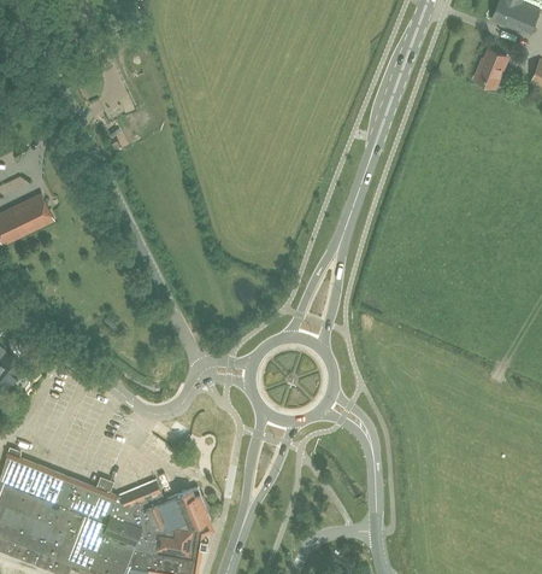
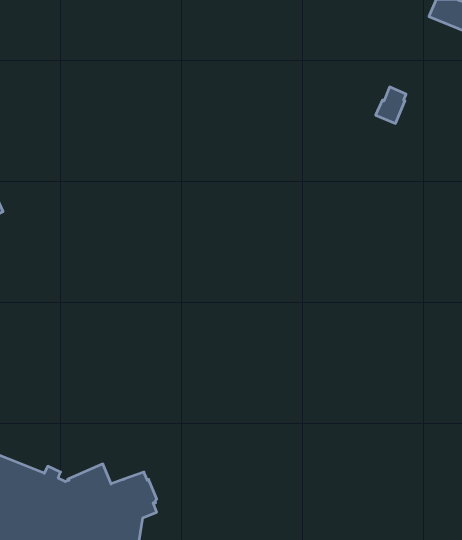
building: [475,49,506,87] -> [376,87,406,123]

